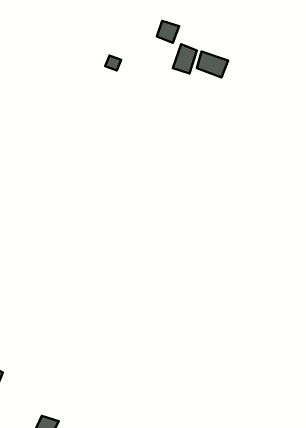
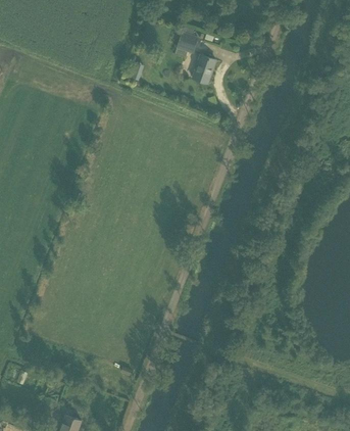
building: [197,51,228,77] -> none

